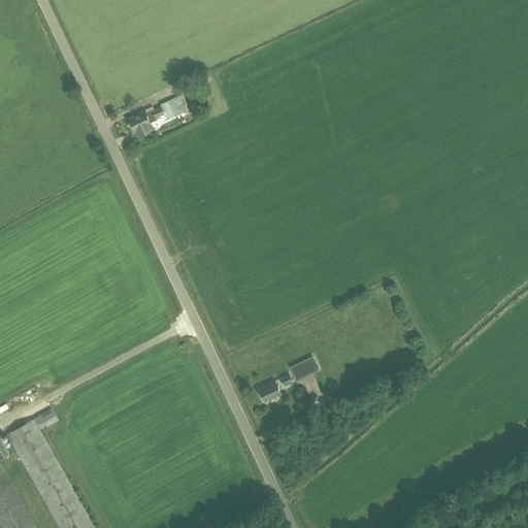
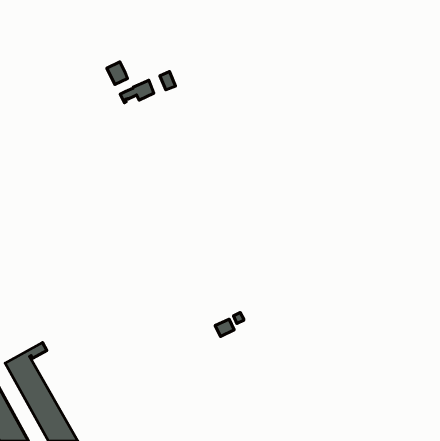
building: [127,110,152,137] -> [107,62,128,84]
building: [288,356,318,381] -> none

